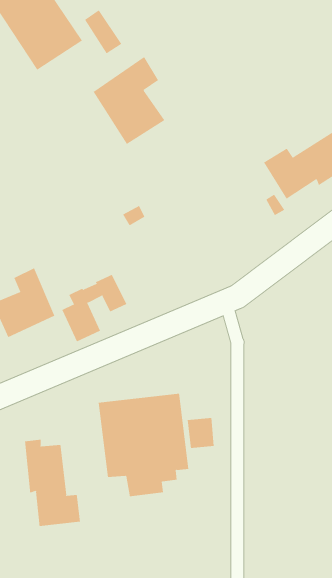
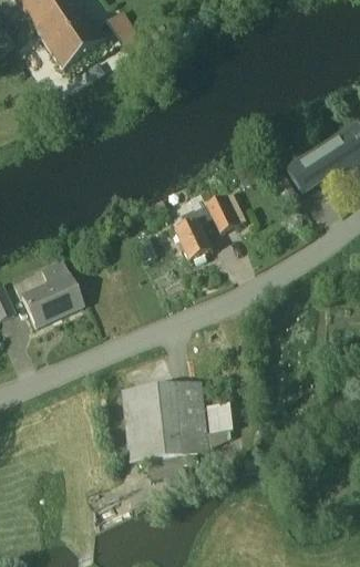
building: [93,56,165,145] -> none
building: [61,274,127,342] -> [176,195,239,260]
building: [24,439,80,527] -> none

